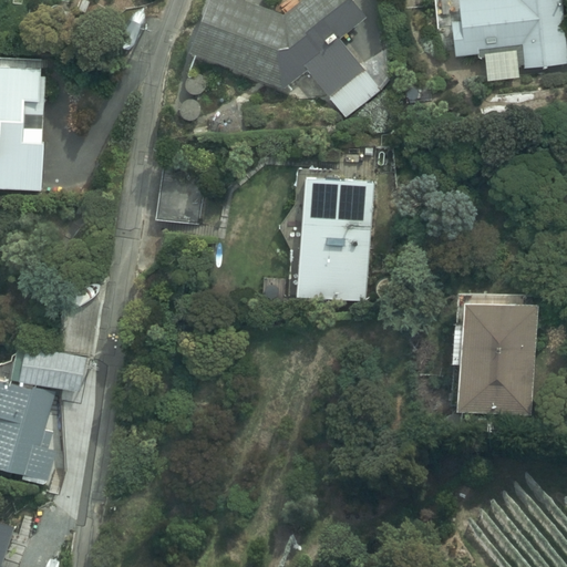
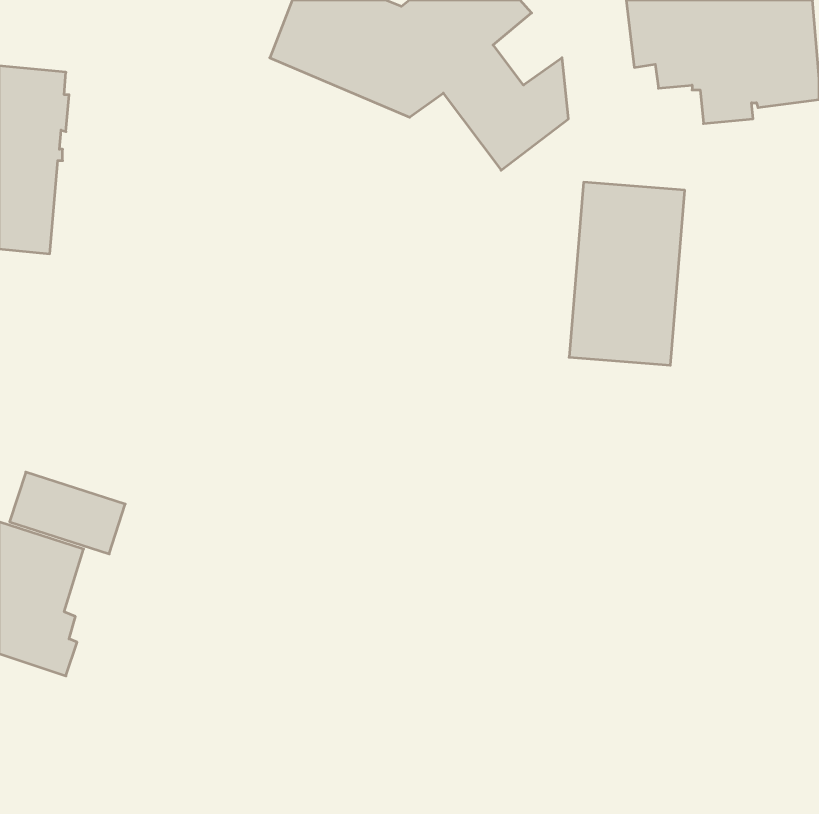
building: [295,171,374,297] -> [569,182,685,365]
building: [154,172,203,224] -> none
building: [454,307,542,432] -> none

